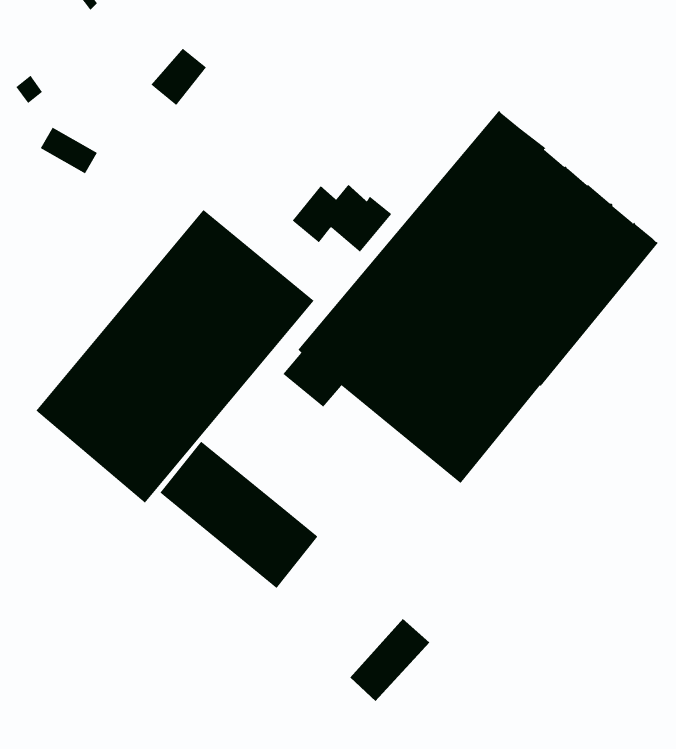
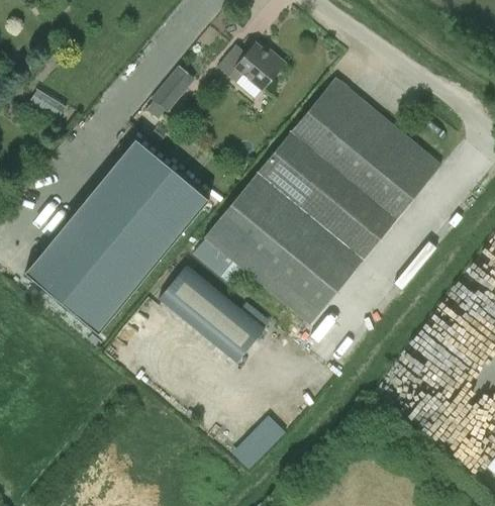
building: [150,48,207,106] -> [151,73,188,111]
building: [292,184,392,252] -> [217,42,284,88]
building: [160,441,318,589] -> [159,264,264,362]

